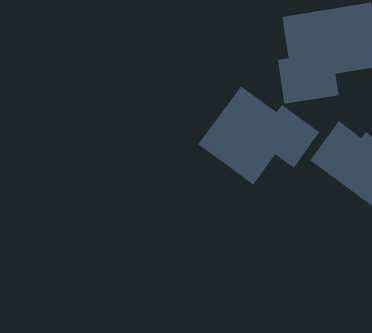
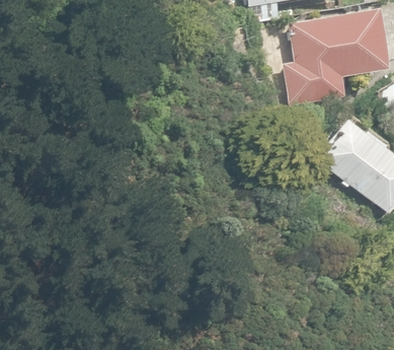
building: [198,85,320,185] -> none

